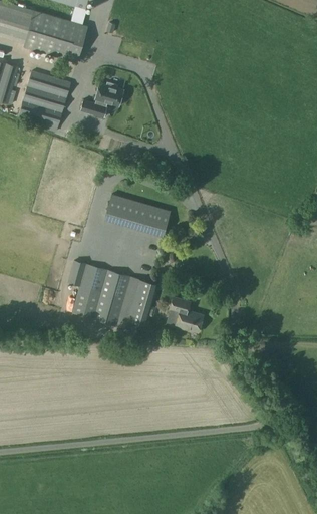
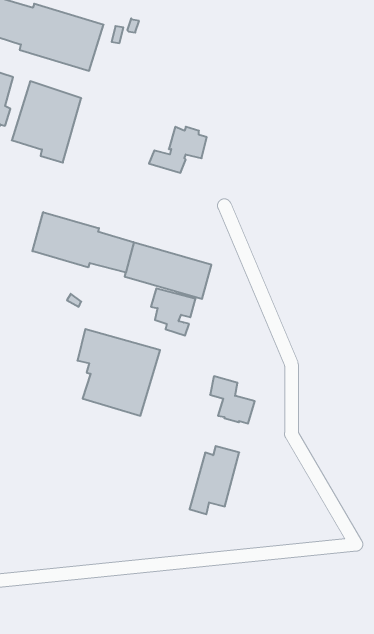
building: [79,81,123,116] -> [149,127,207,173]
building: none -> [32,212,134,273]
building: [118,278,156,330] -> [189,446,239,514]

